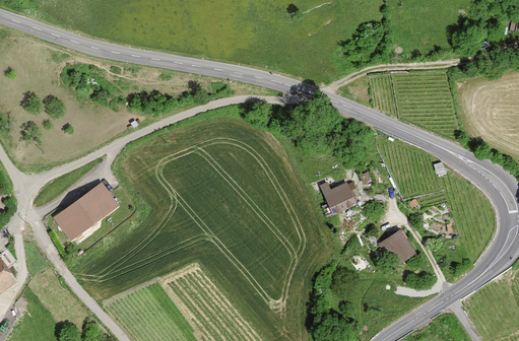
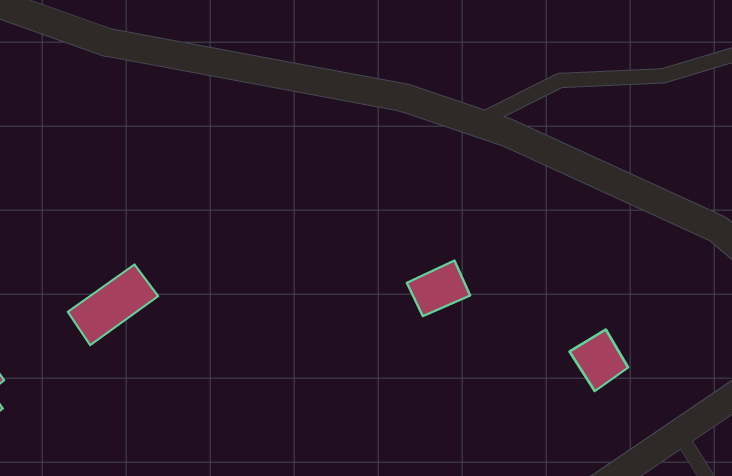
building: [323,180,364,215] -> [407,261,470,316]

